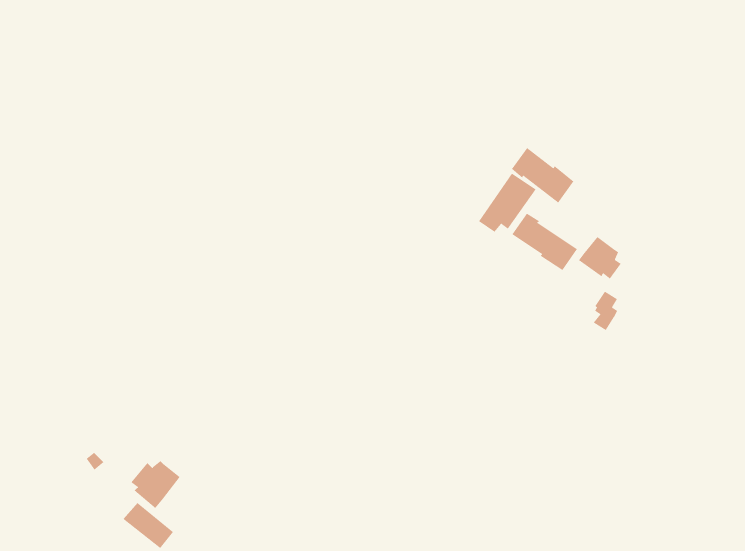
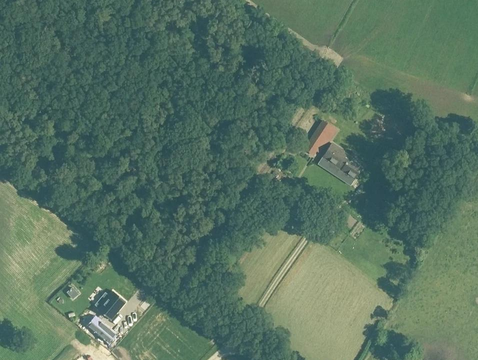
building: [511,147,574,203] -> none
building: [578,236,622,279] -> none

